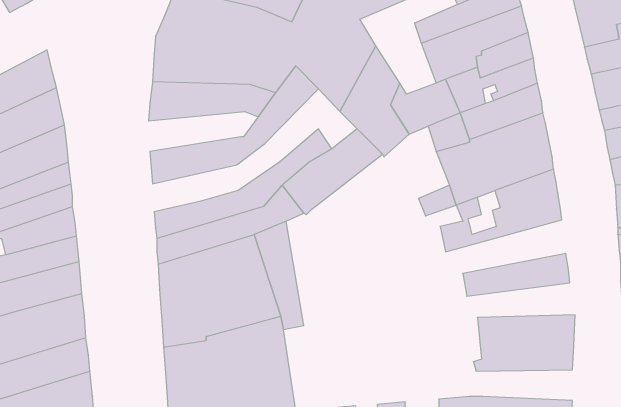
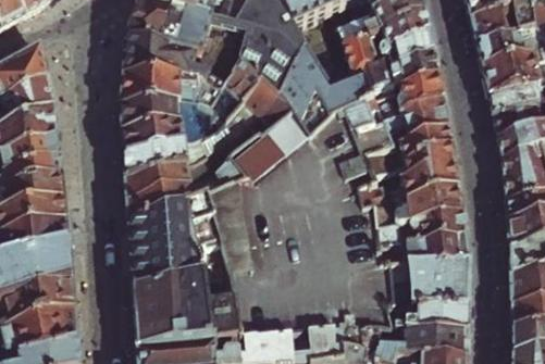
building: none -> [125,80,292,180]
building: none -> [122,99,211,131]
building: none -> [375,187,461,230]
building: none -> [381,238,469,266]
building: none -> [388,309,467,334]

